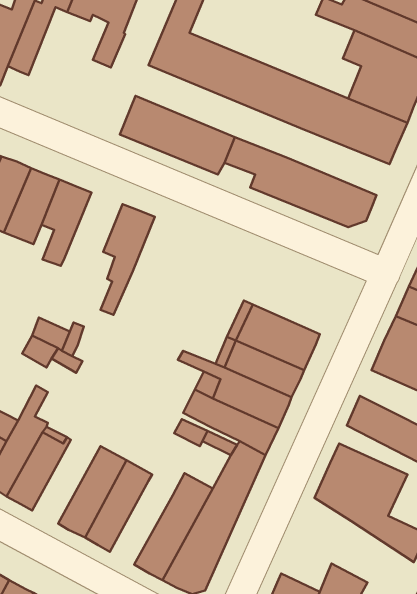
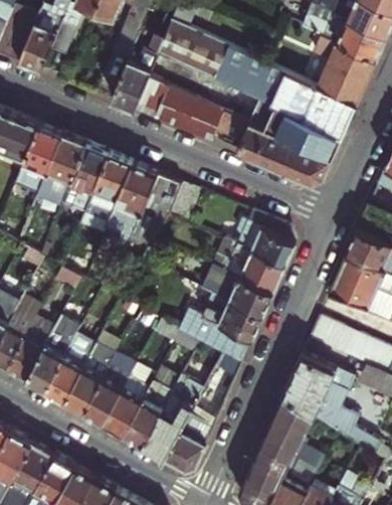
building: none -> [108,57,149,109]
building: none -> [262,104,342,156]
building: none -> [88,154,134,220]
building: none -> [142,173,184,225]
building: none -> [240,211,300,265]
building: none -> [63,320,119,412]
building: none -> [124,379,173,445]
building: none -> [262,392,312,454]

